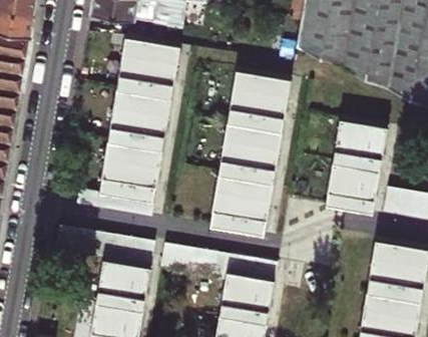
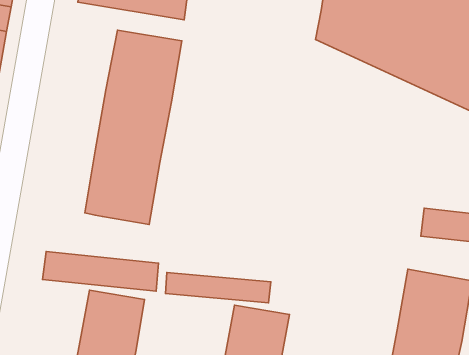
building: [207,71,291,239] -> none
building: [325,120,388,217] -> none

